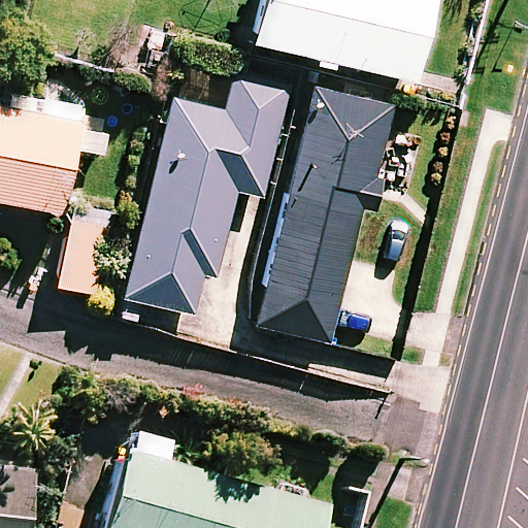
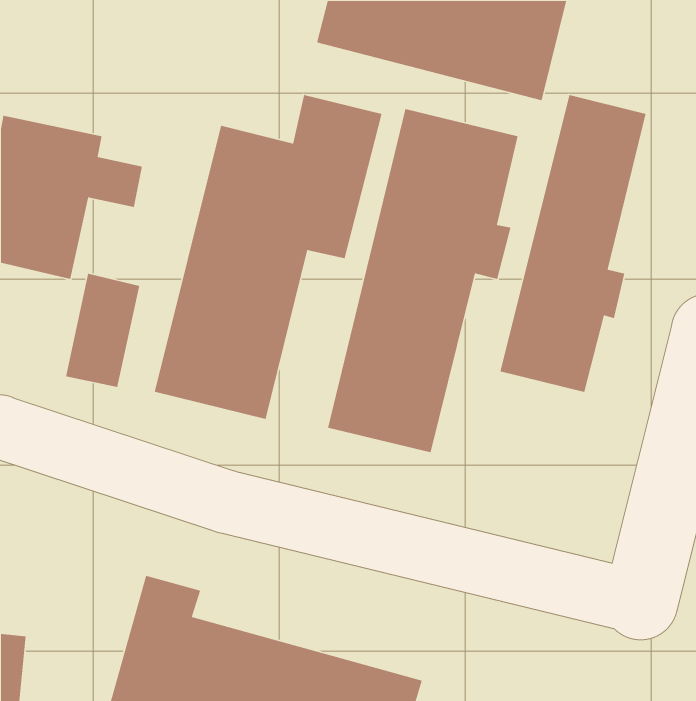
building: none -> [500,94,647,393]

